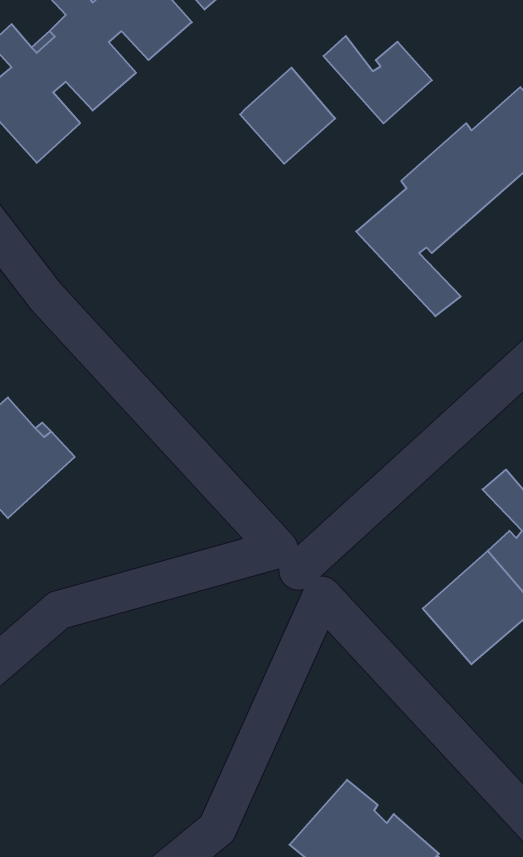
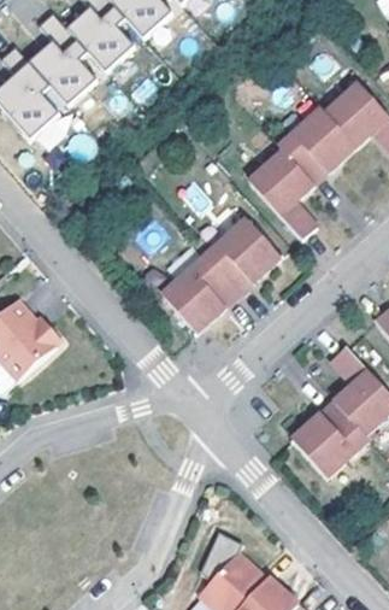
building: [323,36,432,123] -> none
building: [240,68,335,164] -> none
building: none -> [161,221,282,332]

